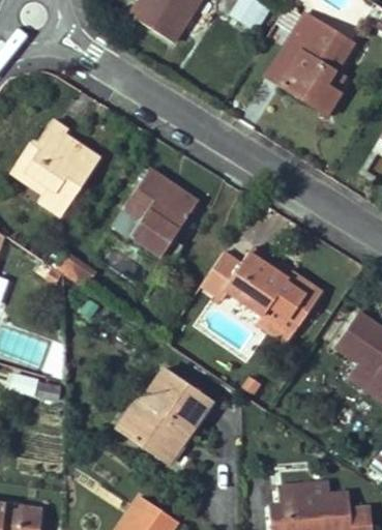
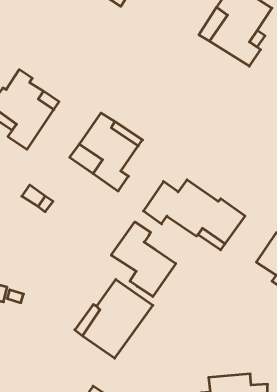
building: none -> [111,222,176,297]

